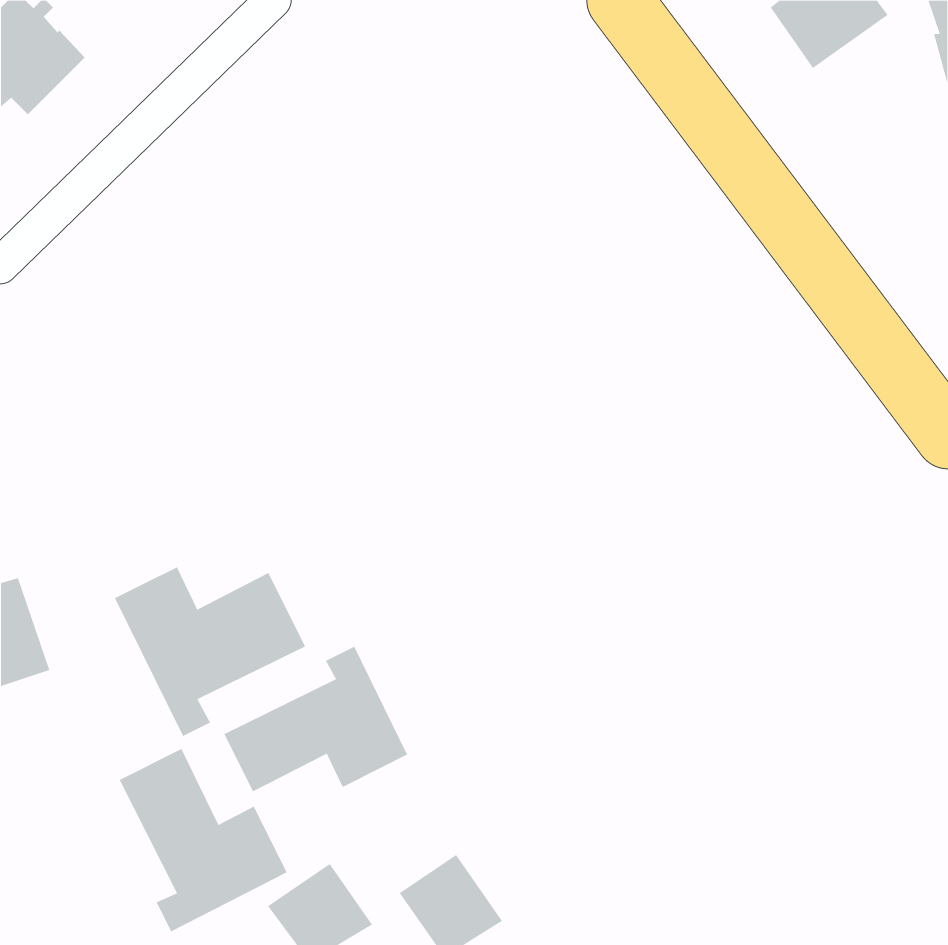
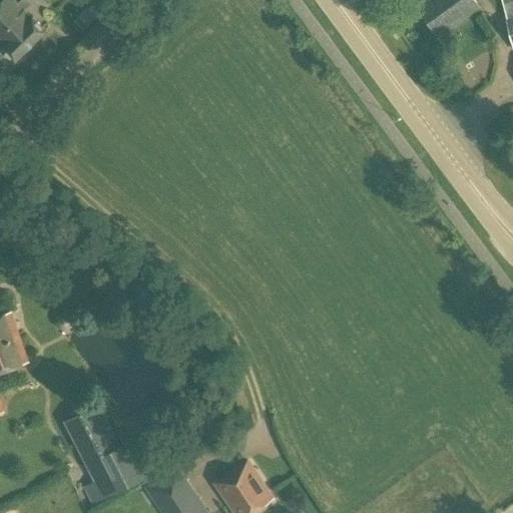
building: [114,566,306,737] -> none
building: [223,646,408,792] -> none

